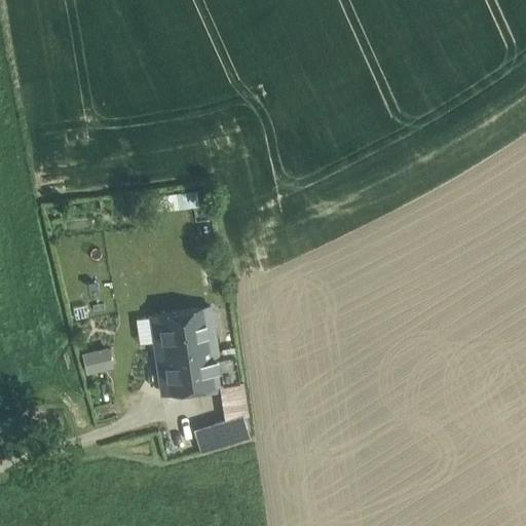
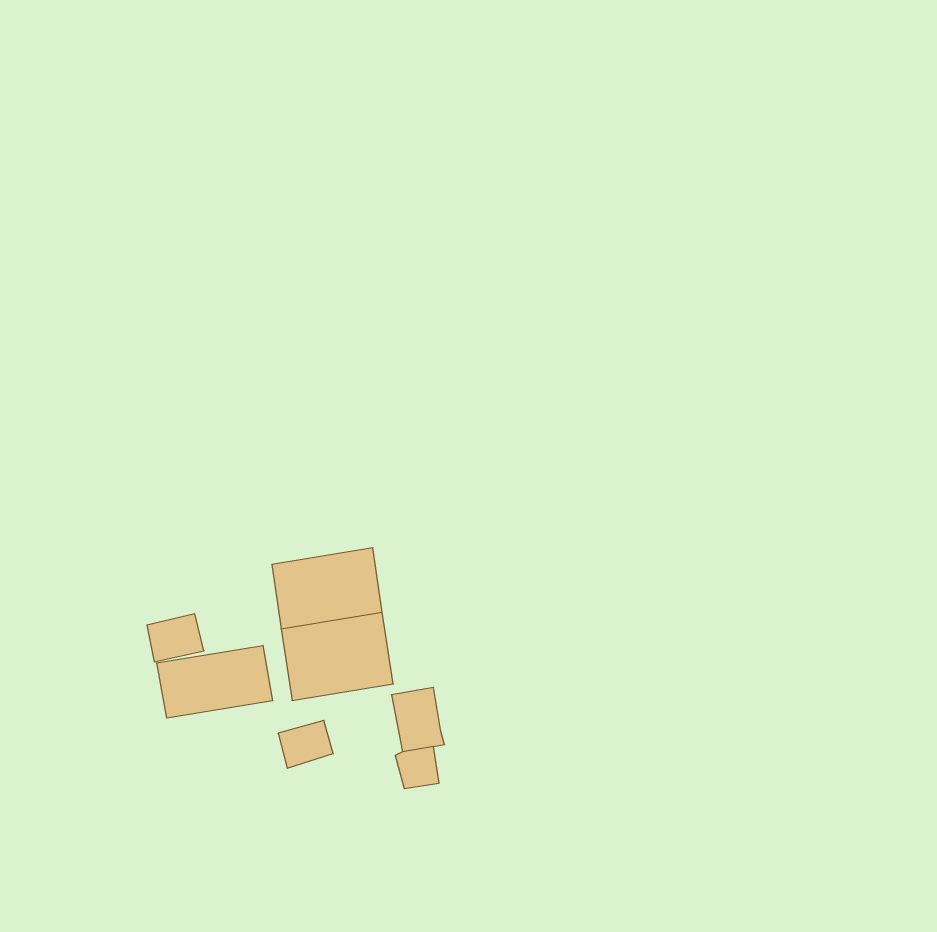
building: none -> [157,645,273,718]
building: [196,426,227,453] -> [278,720,333,768]

